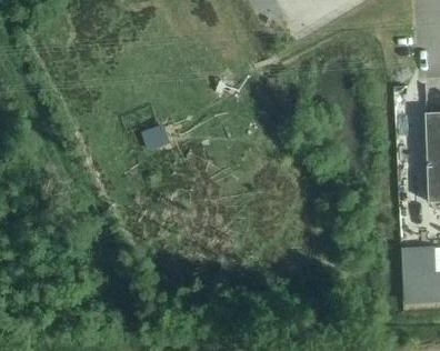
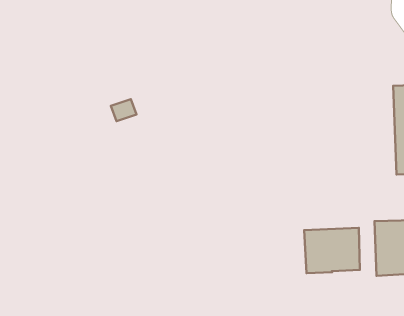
building: none -> [304,228,360,273]

